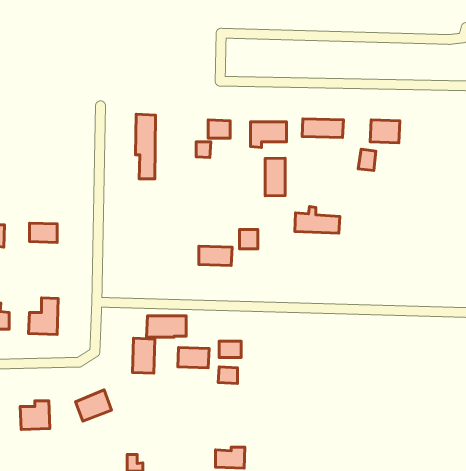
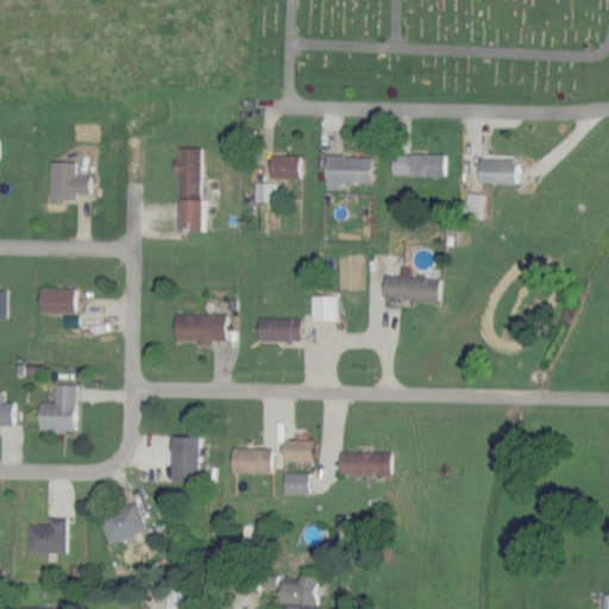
building: none -> [48,162,88,202]
building: [265,158,285,196] -> none
building: [147,316,186,337] -> [174,314,225,341]
building: none -> [338,451,390,476]

